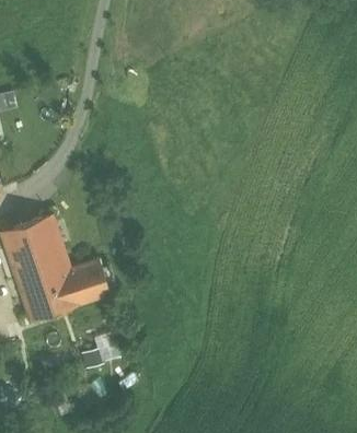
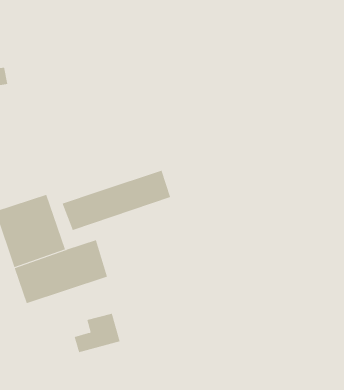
building: none -> [62,170,171,231]

